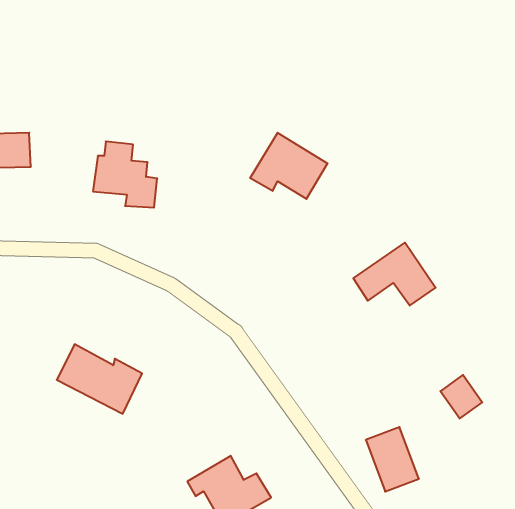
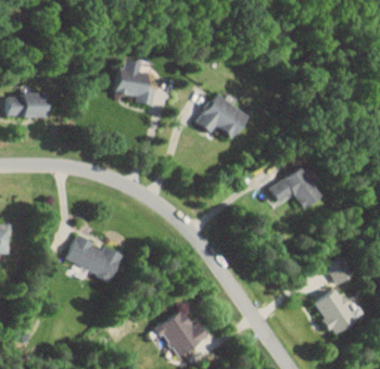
building: [93,141,157,208] -> [112,60,155,104]
building: [366,427,419,492] -> [318,291,354,334]

